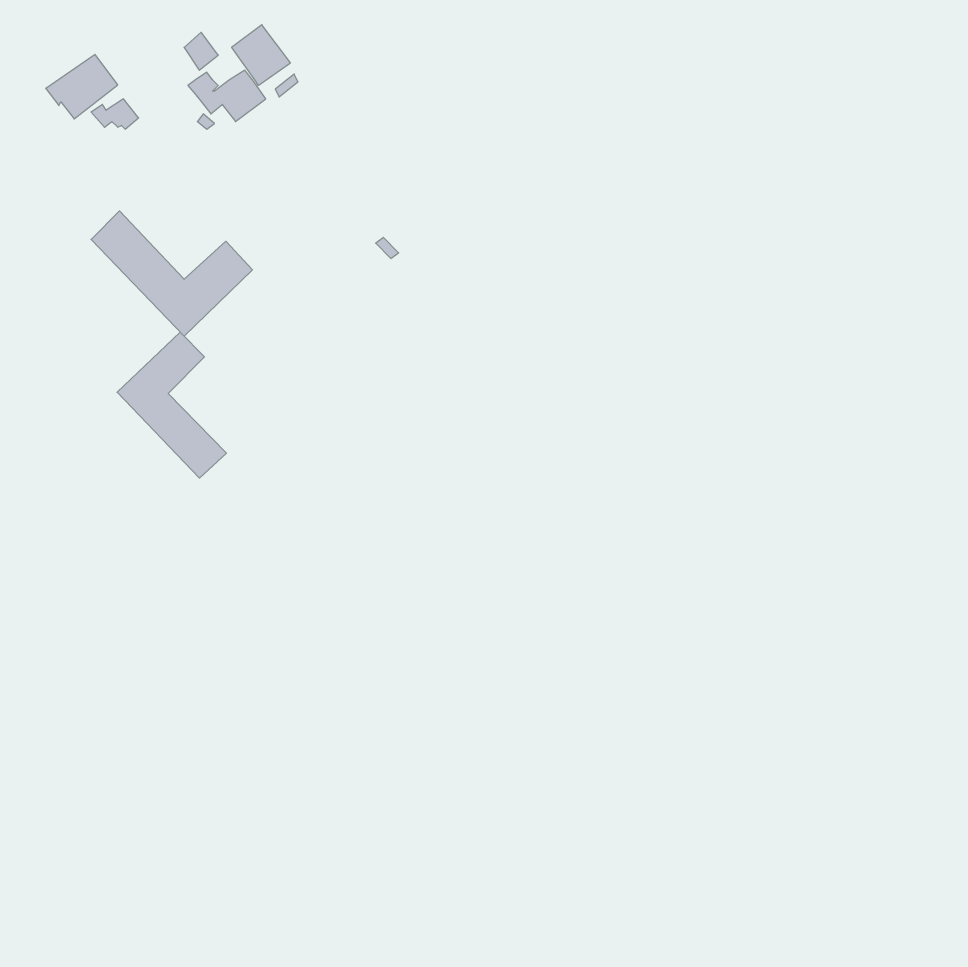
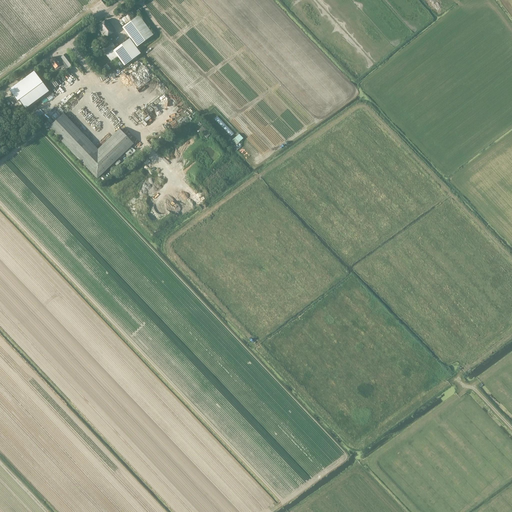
building: [46,54,118,119] -> [11,73,49,107]
building: [117,332,226,478] -> none

